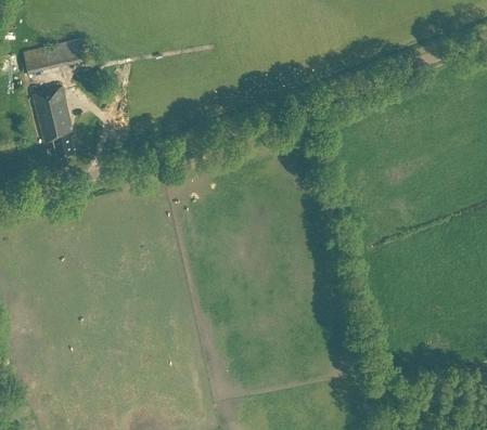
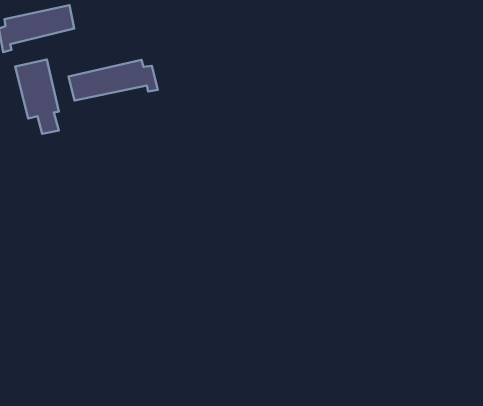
building: none -> [68,60,158,100]

